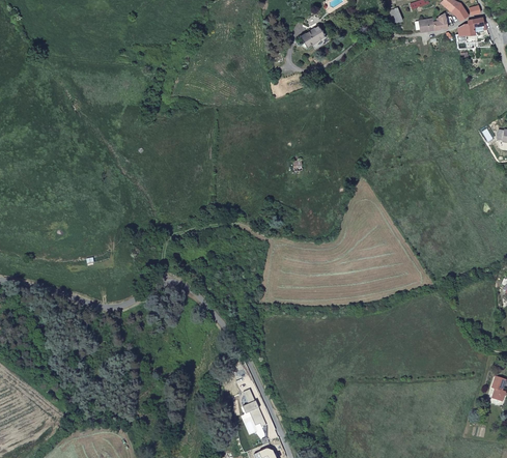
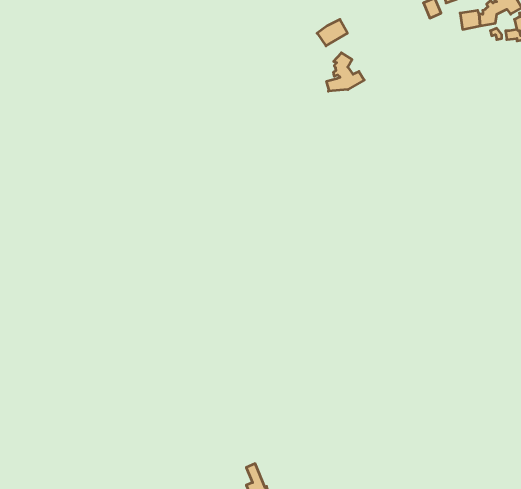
building: none -> [327,53,364,91]

